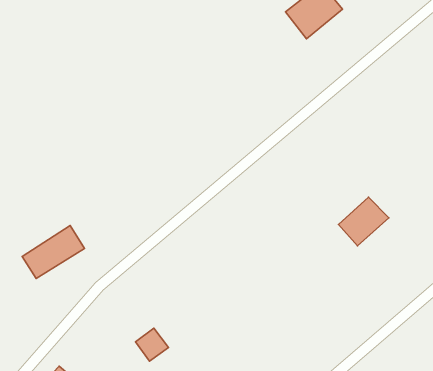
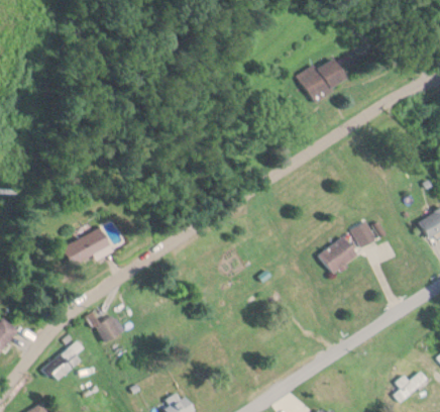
building: none -> [353,222,379,248]
building: [136,328,169,361] -> [95,317,121,343]

